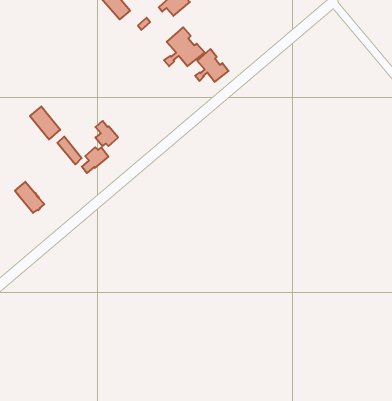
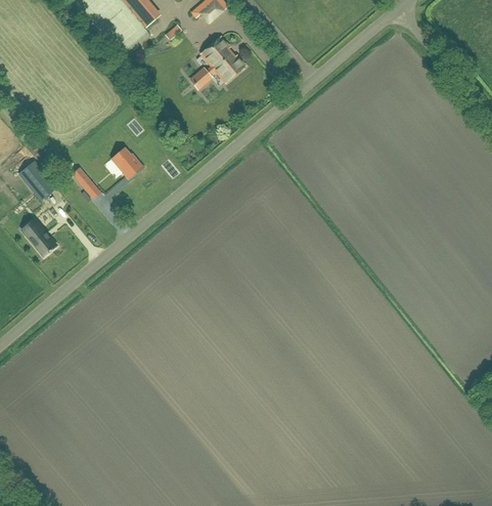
building: [195,49,229,82] -> none
building: [30,106,60,139] -> [19,160,55,199]
building: [82,147,108,173] -> none

